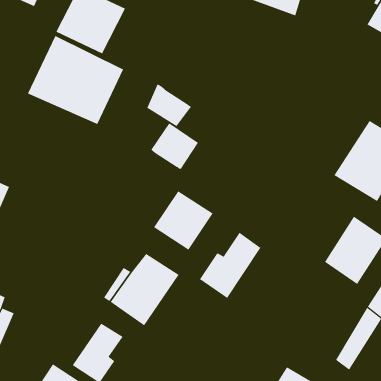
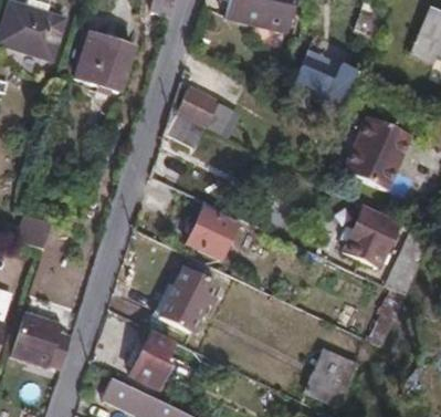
building: [27,35,124,125] -> none
building: none -> [291,64,356,116]
building: [150,123,199,171] -> [177,86,220,128]
building: [199,232,261,299] -> none

